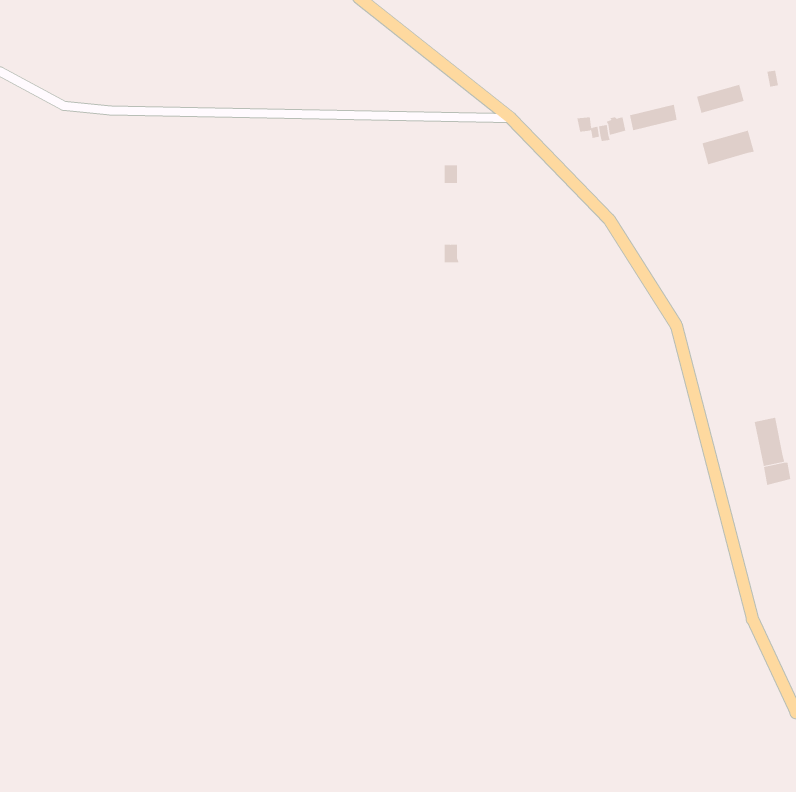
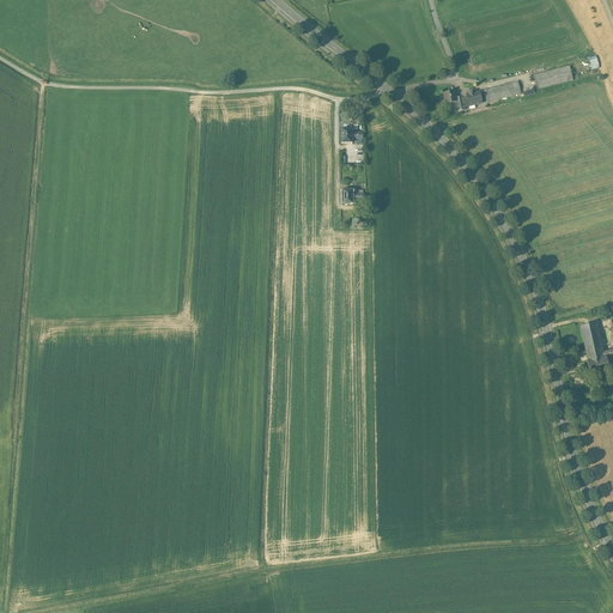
building: [702,130,754,165] -> none

